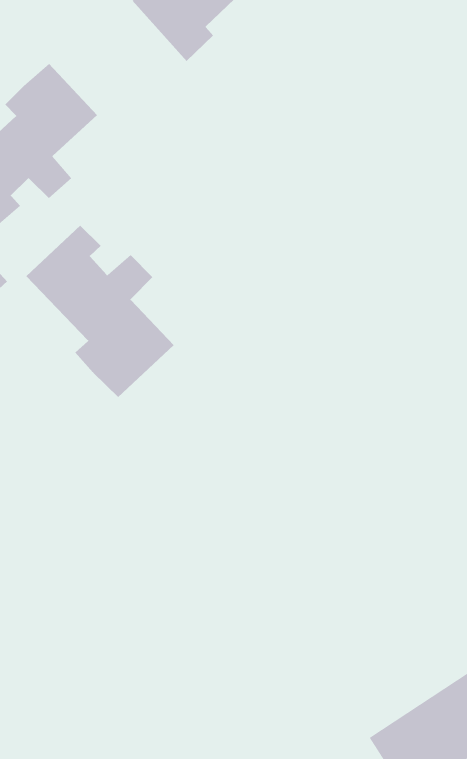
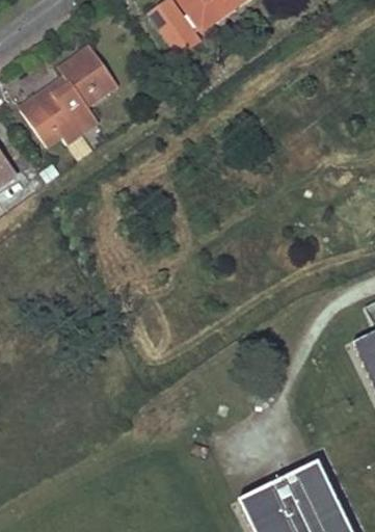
building: [26,225,175,398] -> none

